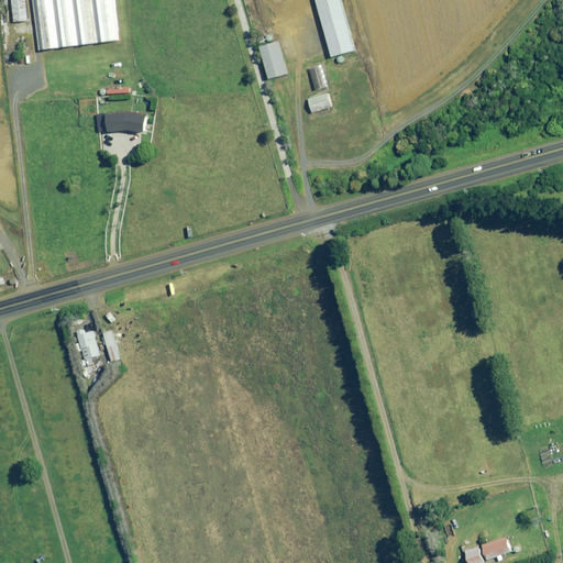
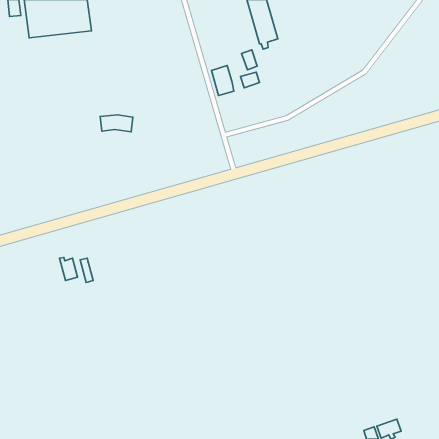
building: [260,40,288,78] -> [212,65,234,96]
building: [106,110,147,132] -> [100,115,133,132]

